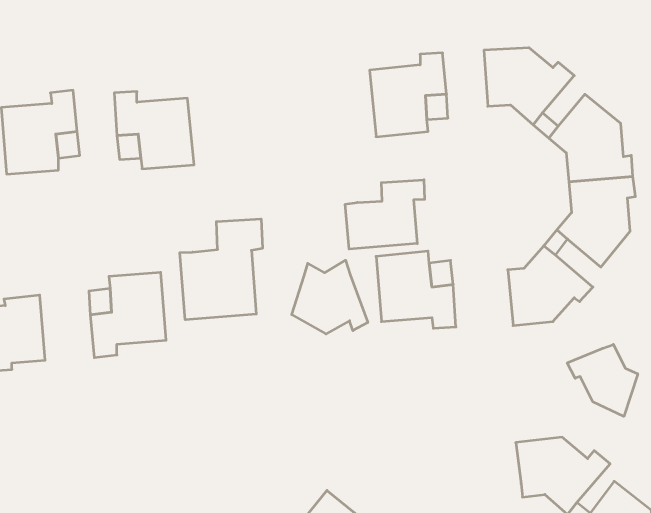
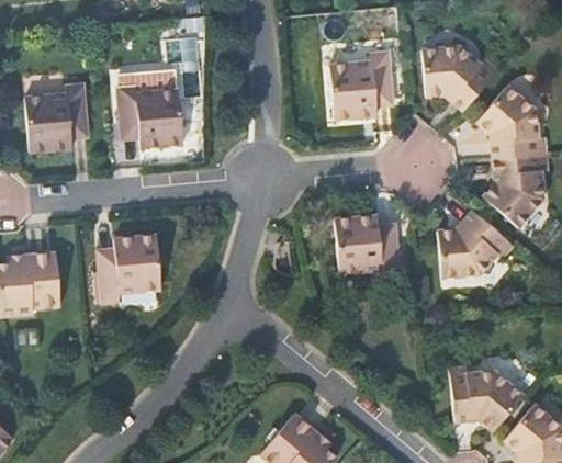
building: none -> [119,35,200,82]
building: [345,180,425,249] -> none
building: [180,219,262,320] -> none
building: [292,260,368,334] -> none
building: [567,344,638,416] -> none

